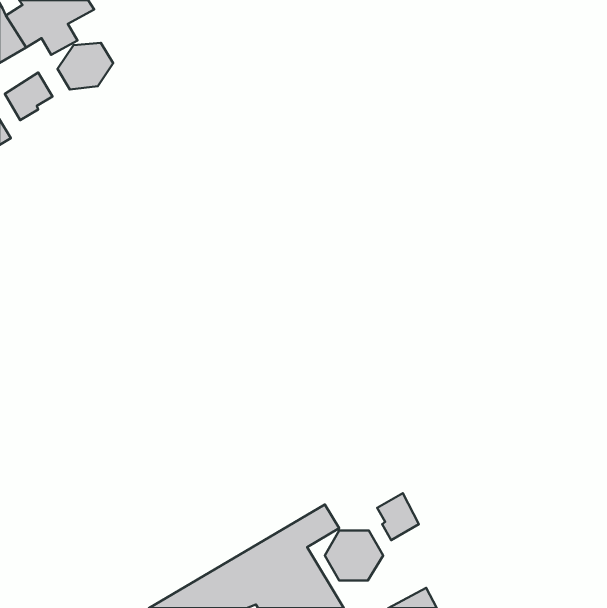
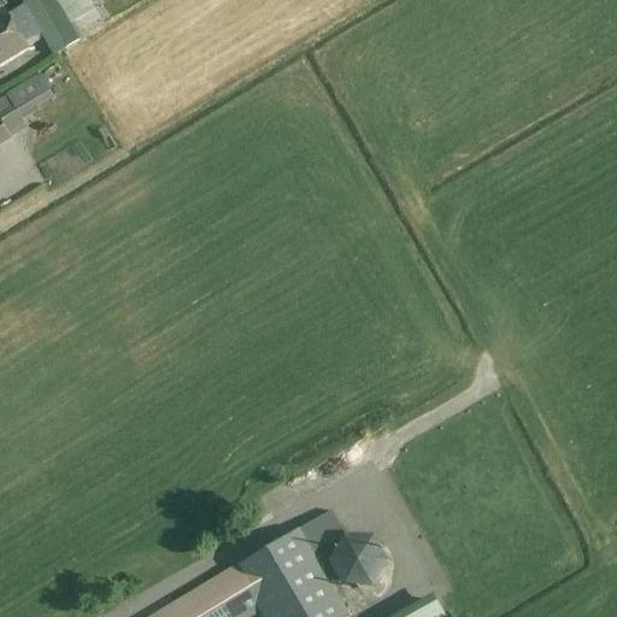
building: [58,43,113,89] -> none
building: [377,493,419,540] -> none

